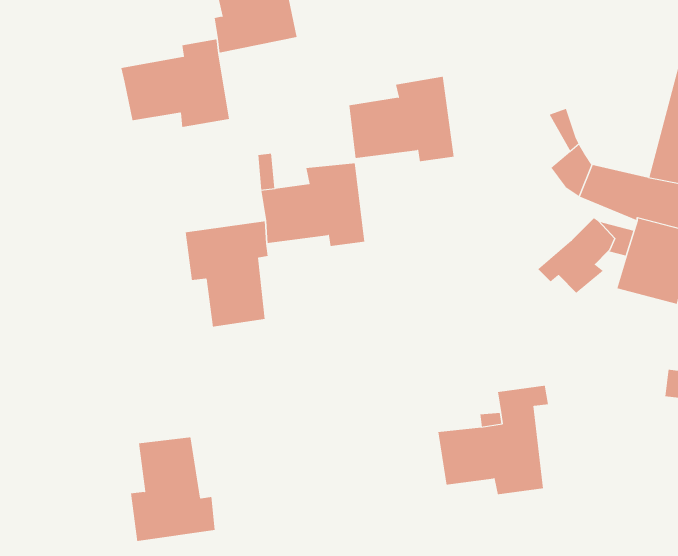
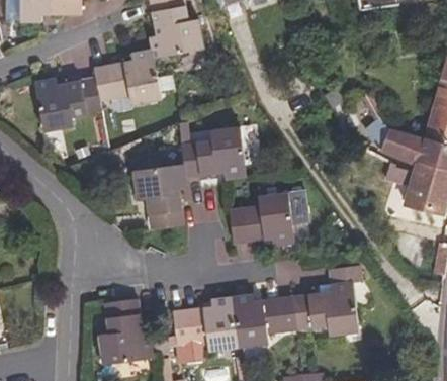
building: [348,76,455,162] -> [229,192,295,246]
building: none -> [34,77,101,132]
building: none -> [173,294,297,351]

